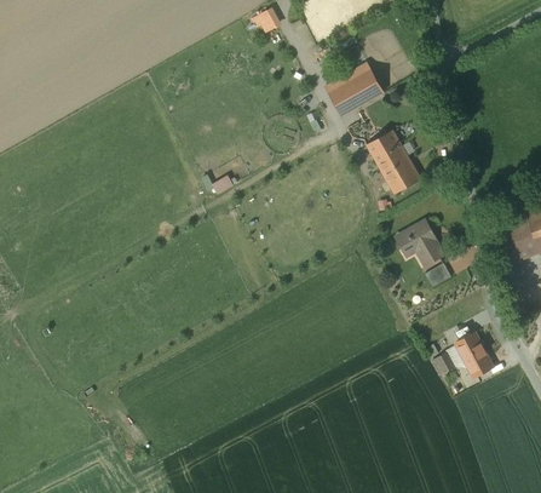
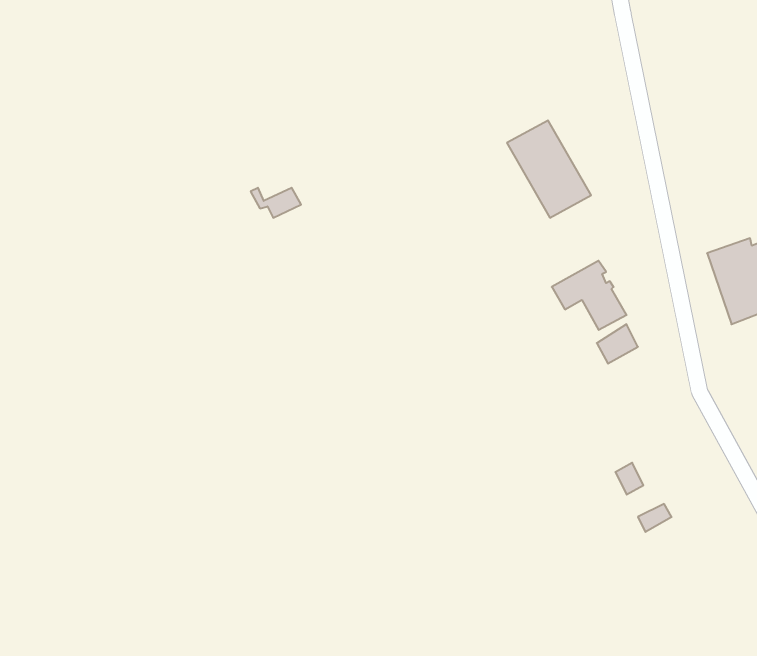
building: [326,62,385,115] -> none
building: [456,332,494,377] -> none

